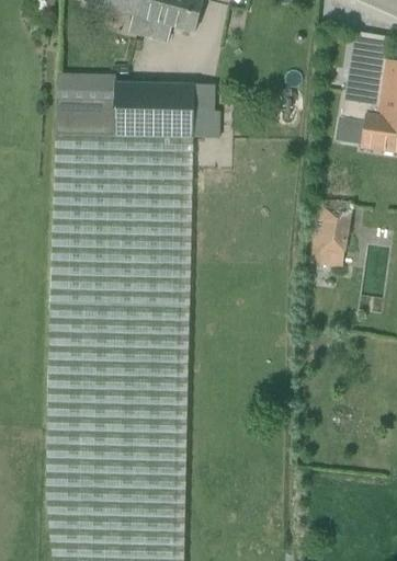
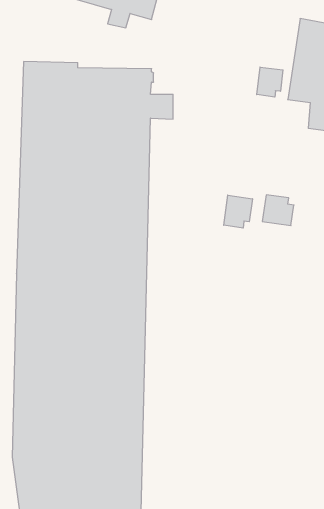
building: none -> [257,67,283,97]
building: none -> [224,195,252,228]

